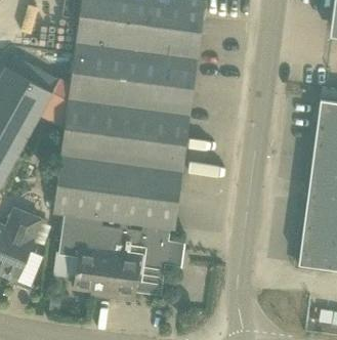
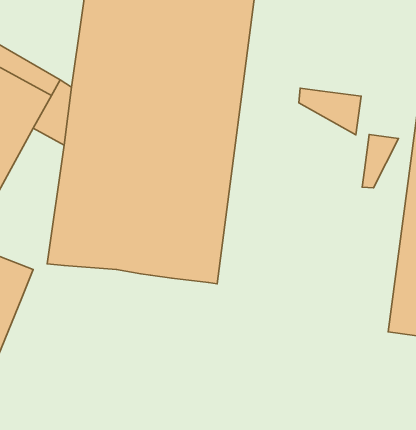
building: none -> [299,88,361,135]
building: none -> [362,134,398,188]
building: [52,215,179,300] -> none

